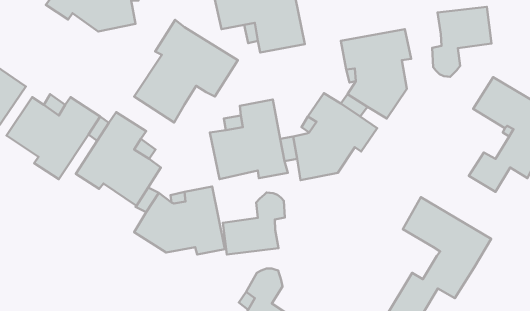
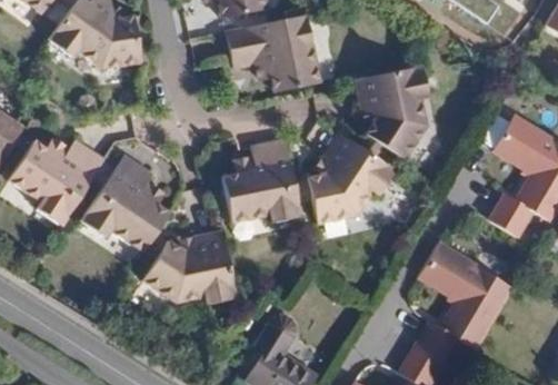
building: [432,7,492,77] -> none
building: [134,20,238,122] -> none
building: [223,193,285,254] -> none

